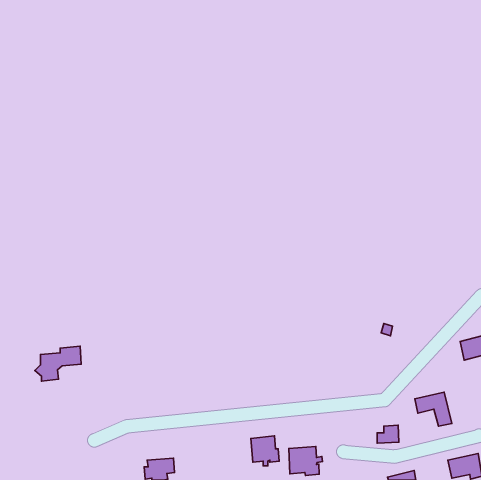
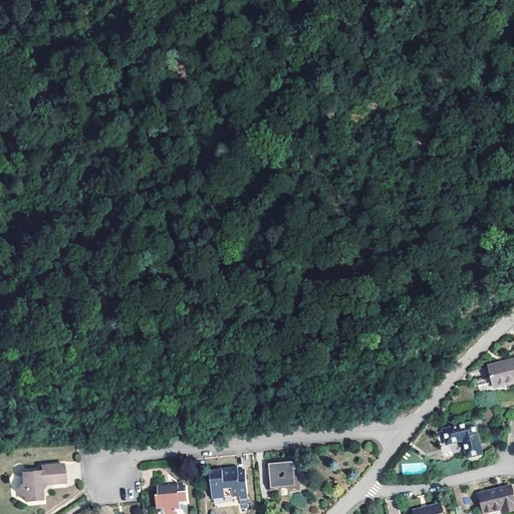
building: [35,346,81,381] -> [16,465,65,502]
building: none -> [209,469,247,506]
building: [289,446,323,475] -> none

